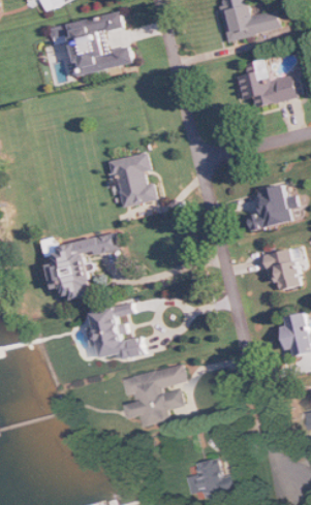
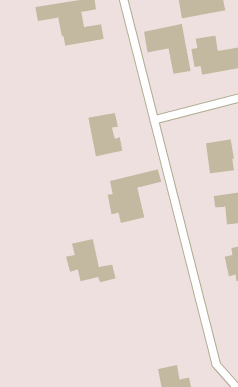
building: none -> [143,23,191,74]
building: [49,233,116,299] -> [107,169,162,223]
building: [120,365,185,430] -> none

